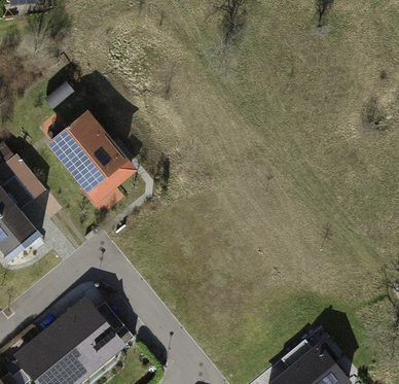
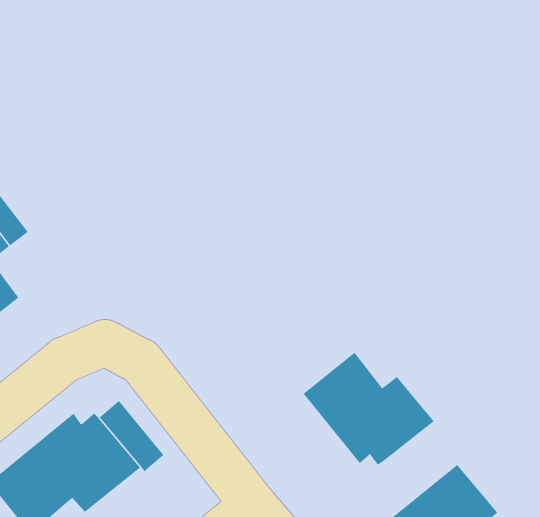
building: [47,113,132,202] -> none
building: none -> [303,352,434,466]

